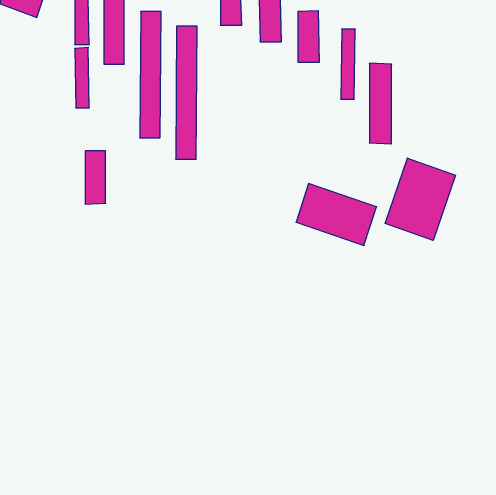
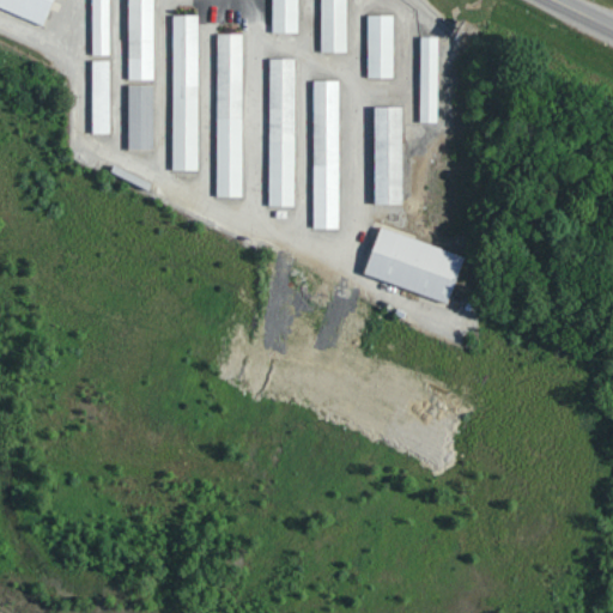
building: none -> [269,57,295,206]
building: [369,63,392,144] -> [375,105,402,205]
building: none -> [314,79,340,227]
building: [85,151,106,204] -> [128,84,153,150]
building: [385,158,455,240] -> none

